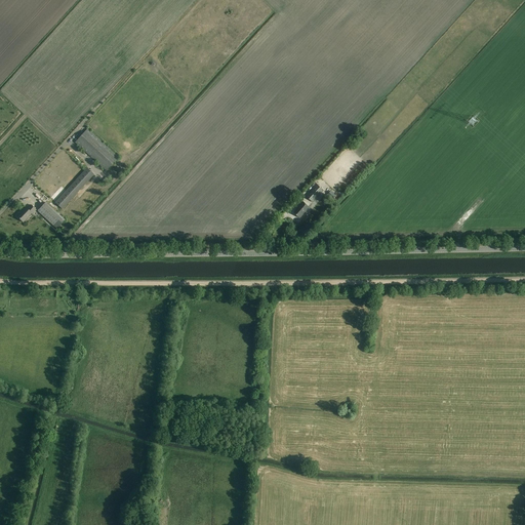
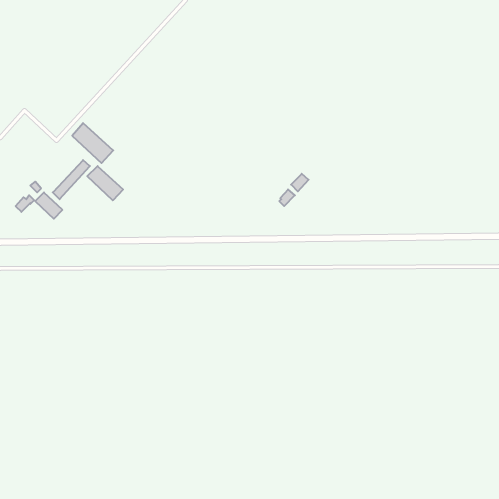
building: none -> [87,166,123,200]

